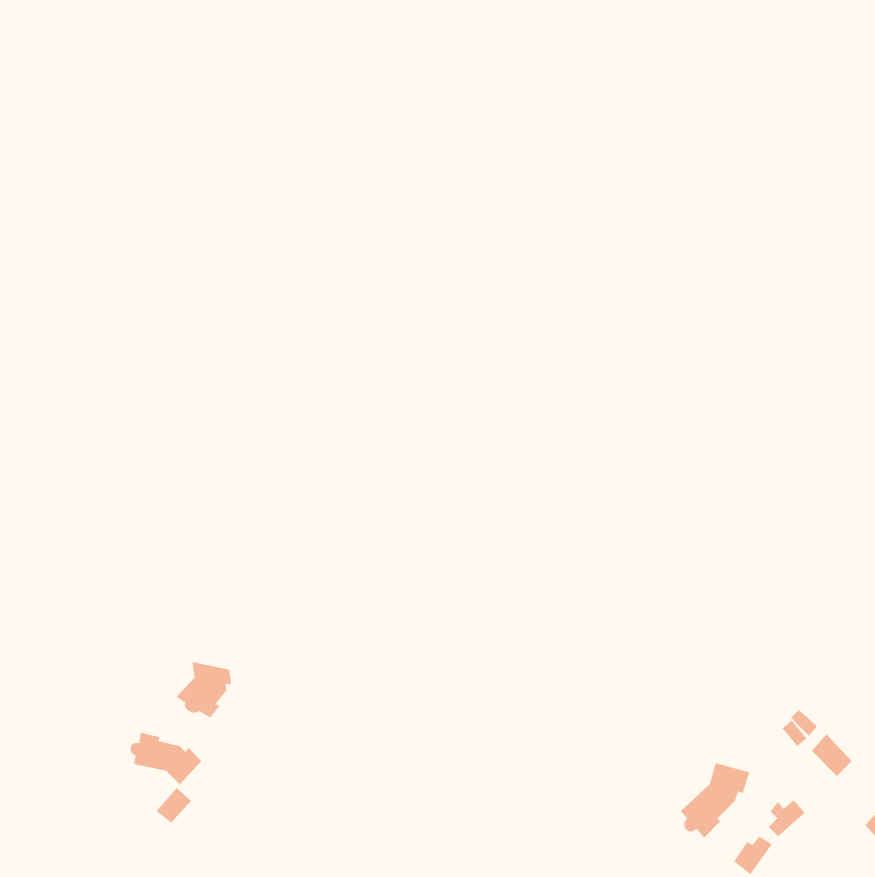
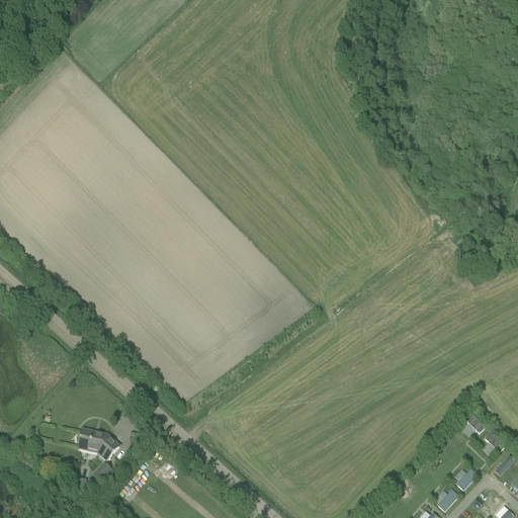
building: [175,661,232,719] -> none
building: [680,762,750,839] -> none

